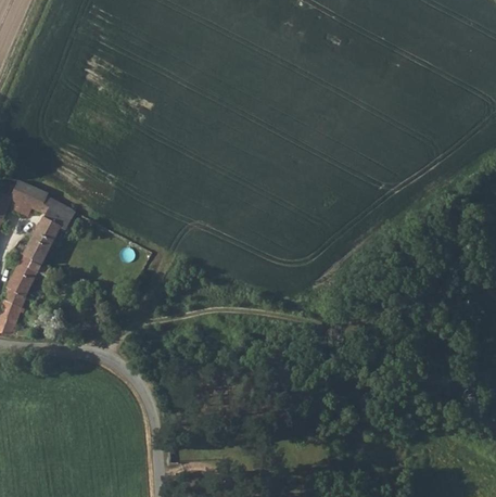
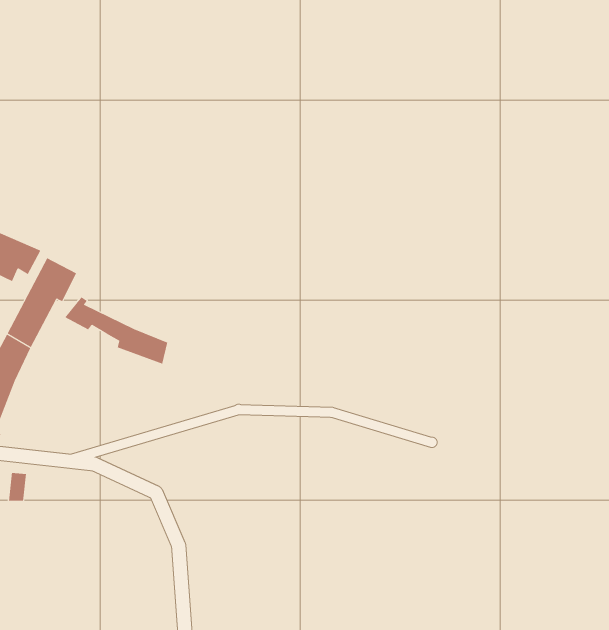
building: none -> [64,296,168,364]

